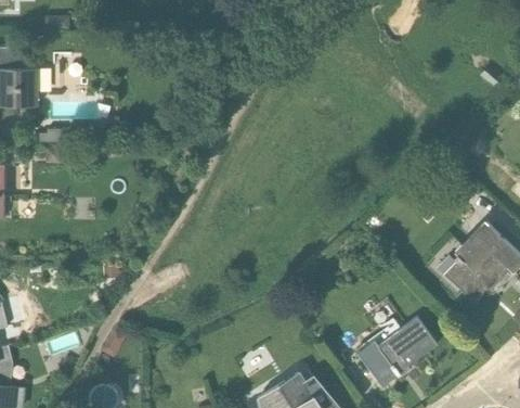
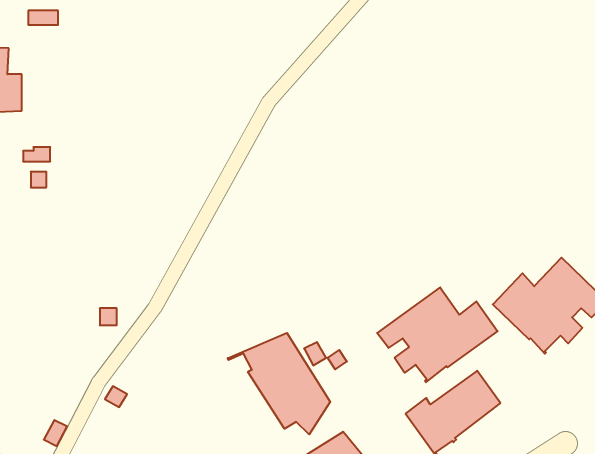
building: none -> [377,287,498,382]
building: none -> [228,333,330,434]

